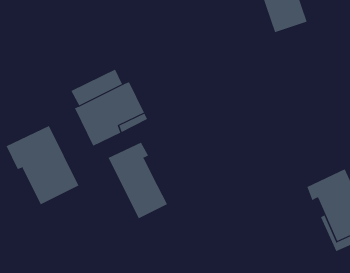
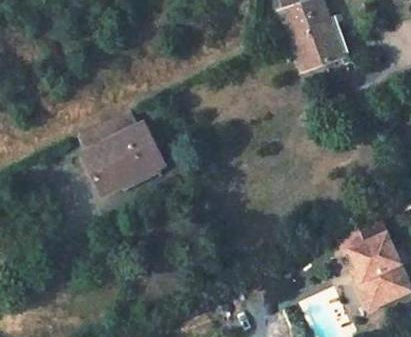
building: [6,125,79,205] -> none
building: [108,142,168,219] -> none

